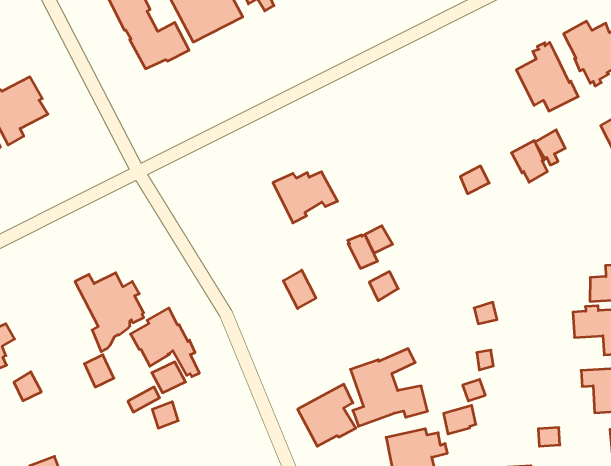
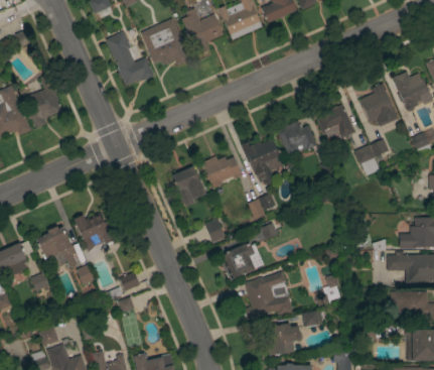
building: none -> [315,104,355,138]
building: none -> [277,120,316,155]
building: none -> [241,138,284,186]
building: none -> [172,165,206,204]
building: [130,308,199,377] -> [36,224,79,268]
building: [298,384,356,446] -> [220,241,256,279]

